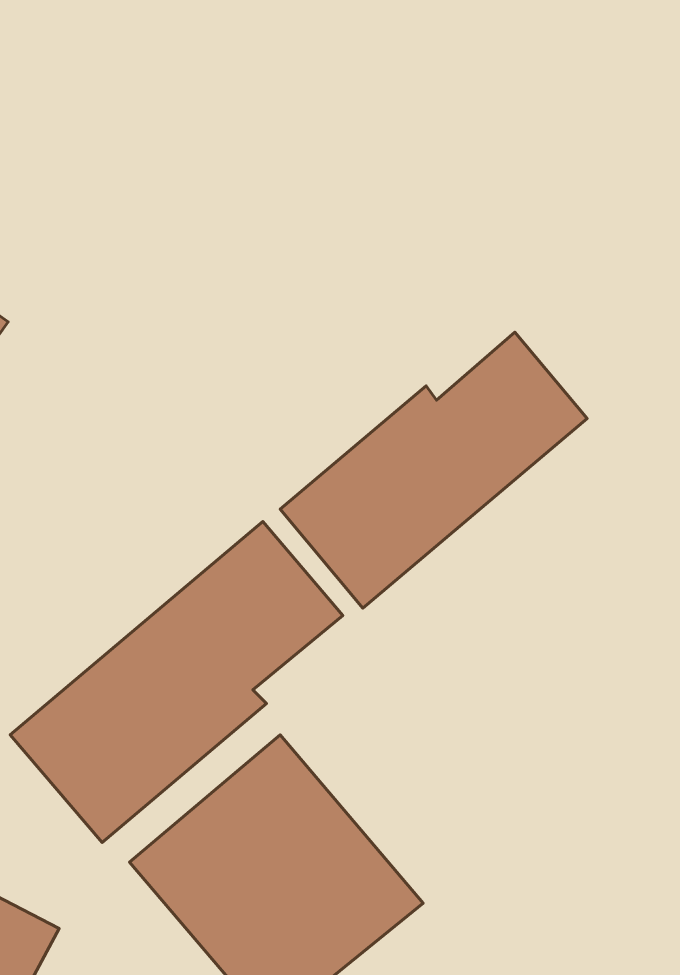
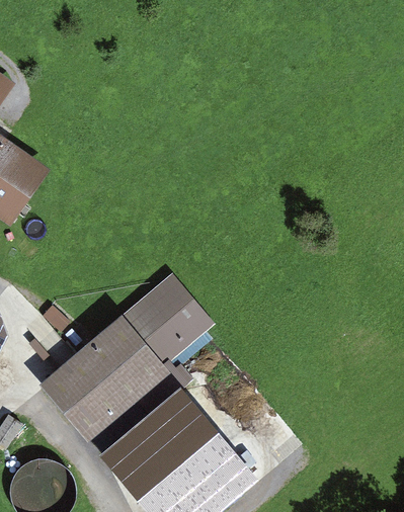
building: [280,332,587,608] -> none

